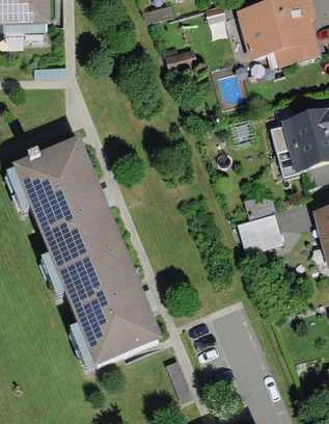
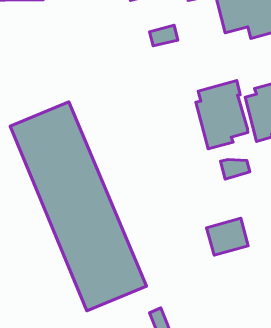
building: none -> [196,80,248,149]
building: [237,215,282,256] -> [207,218,248,255]

